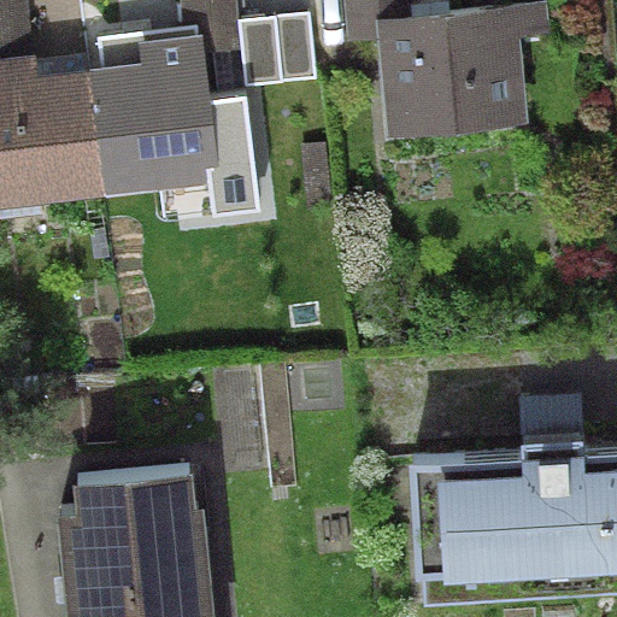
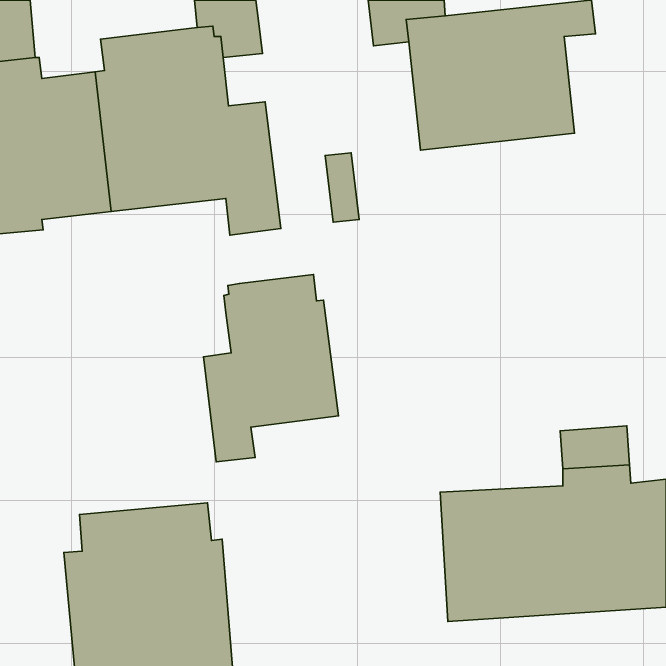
building: [239,12,316,87] -> none
building: none -> [204,275,339,462]

